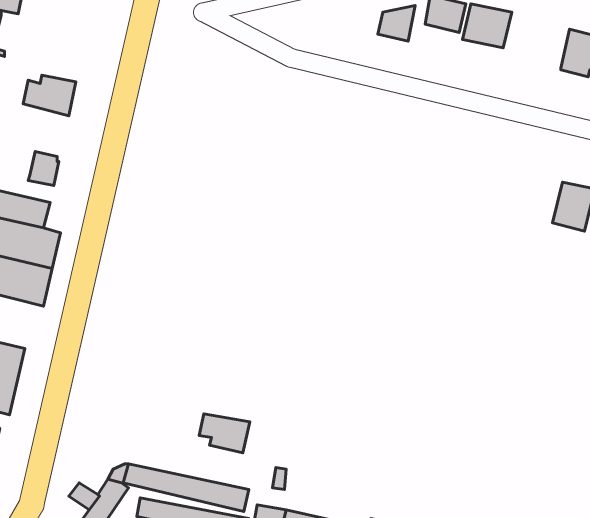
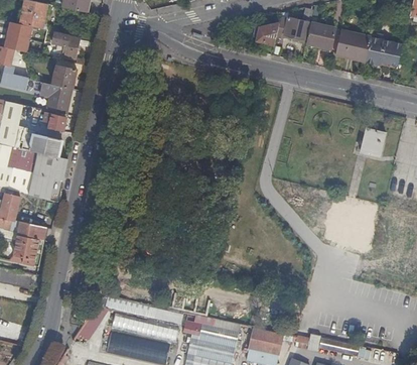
building: none -> [334,29,371,60]
building: none -> [52,31,80,57]
building: none -> [40,82,73,113]
building: [199,414,250,453] -> none

